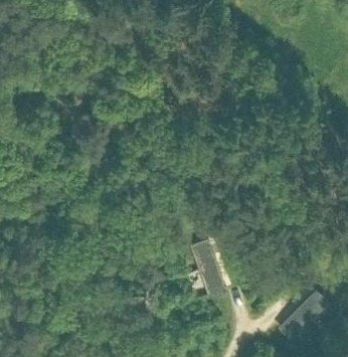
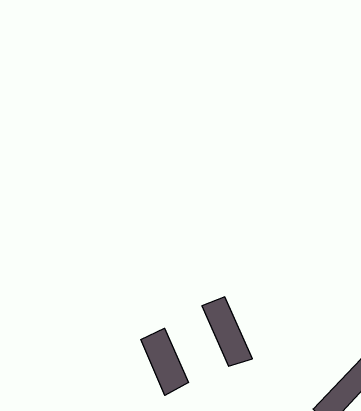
building: none -> [141,328,188,395]

